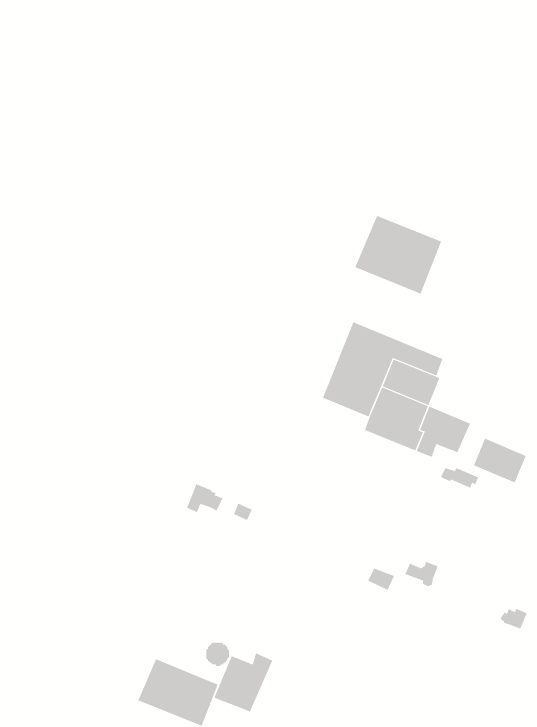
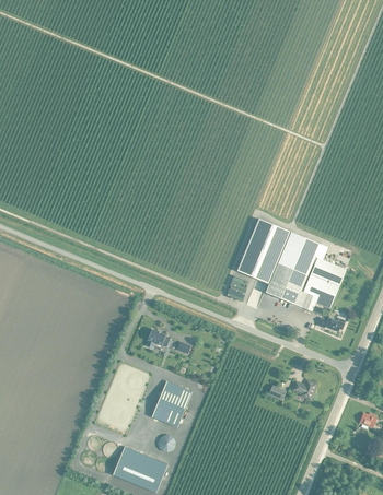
building: [355,215,442,295] -> none
building: [473,438,526,483] -> [310,257,346,287]
building: [213,652,273,712] -> [152,386,193,426]

